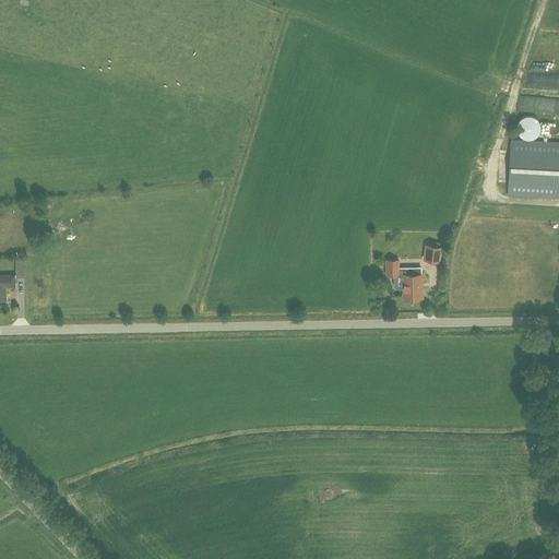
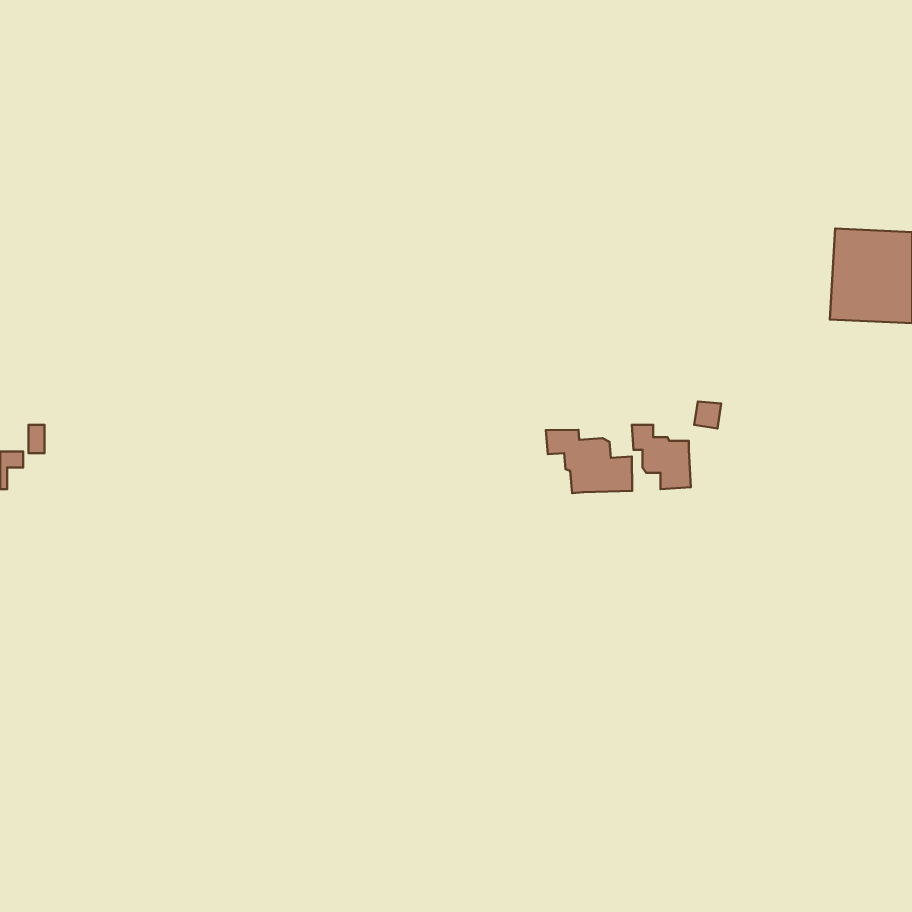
building: none -> [546,430,632,493]

